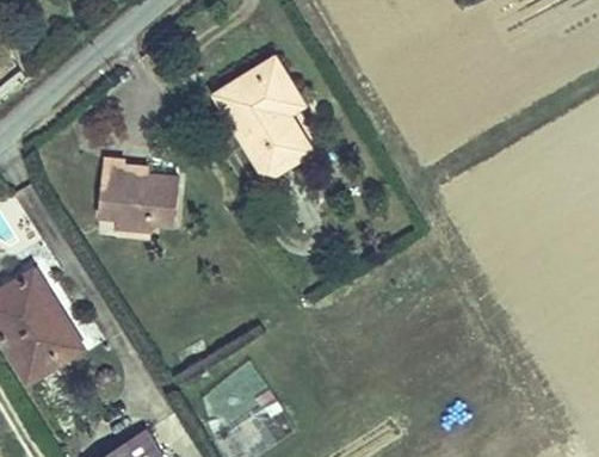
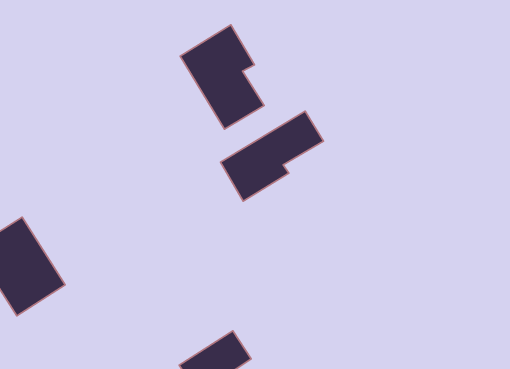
building: none -> [220,111,324,201]
building: [100,162,178,235] -> none

